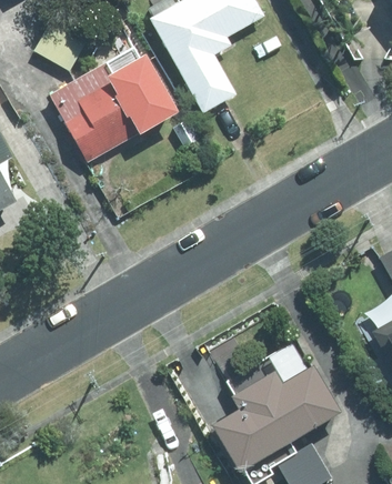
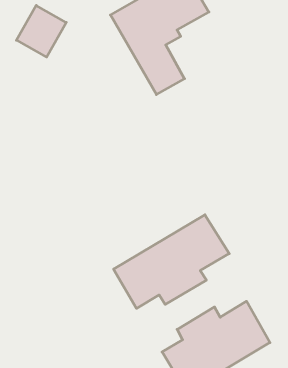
building: [50,48,174,163] -> none
building: none -> [114,215,229,308]

